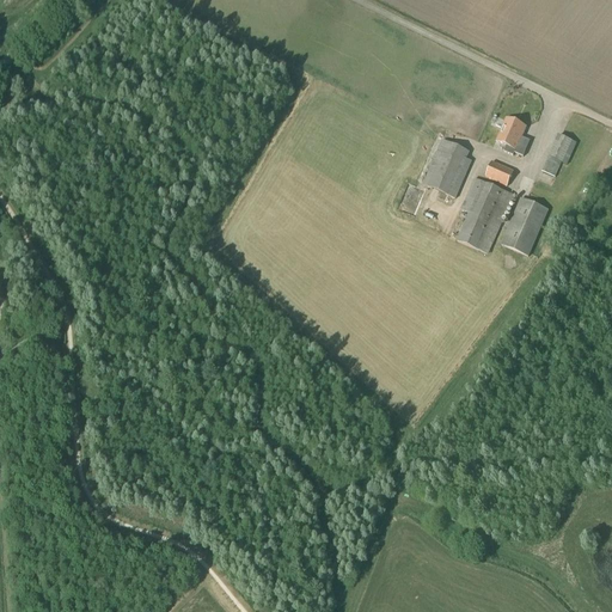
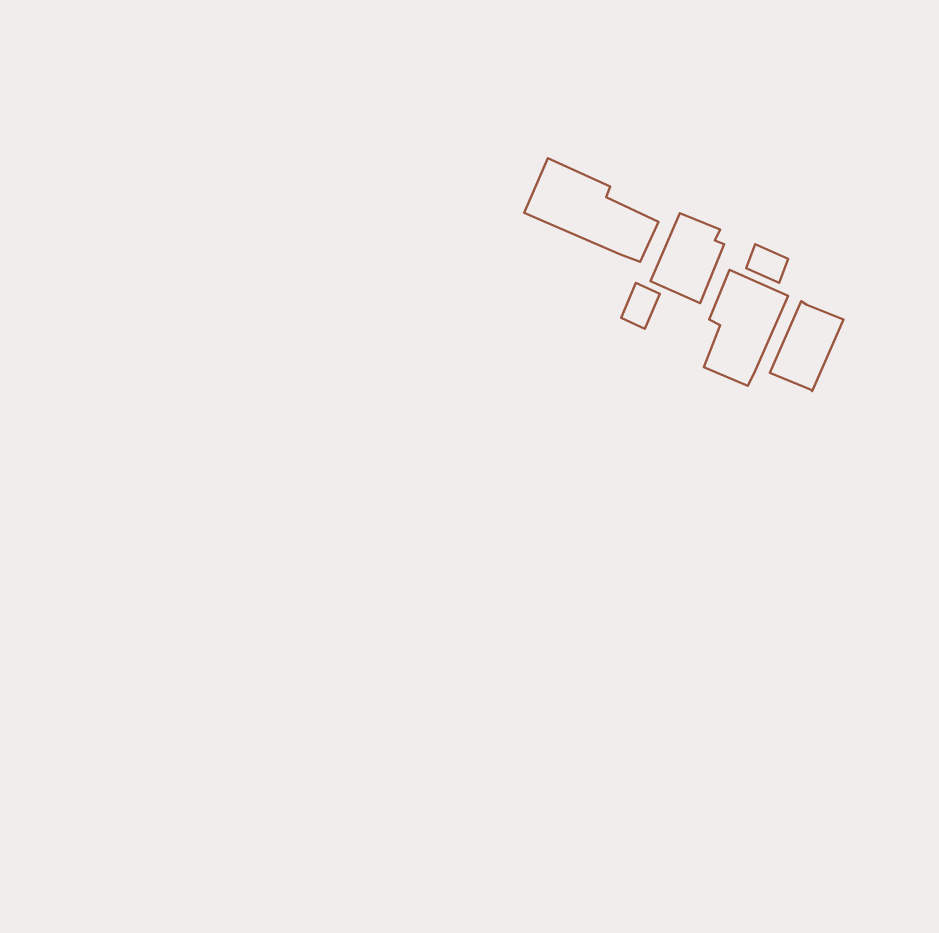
building: none -> [524,158,659,262]
building: [496,116,526,154] -> none
building: [541,133,577,175] -> none

